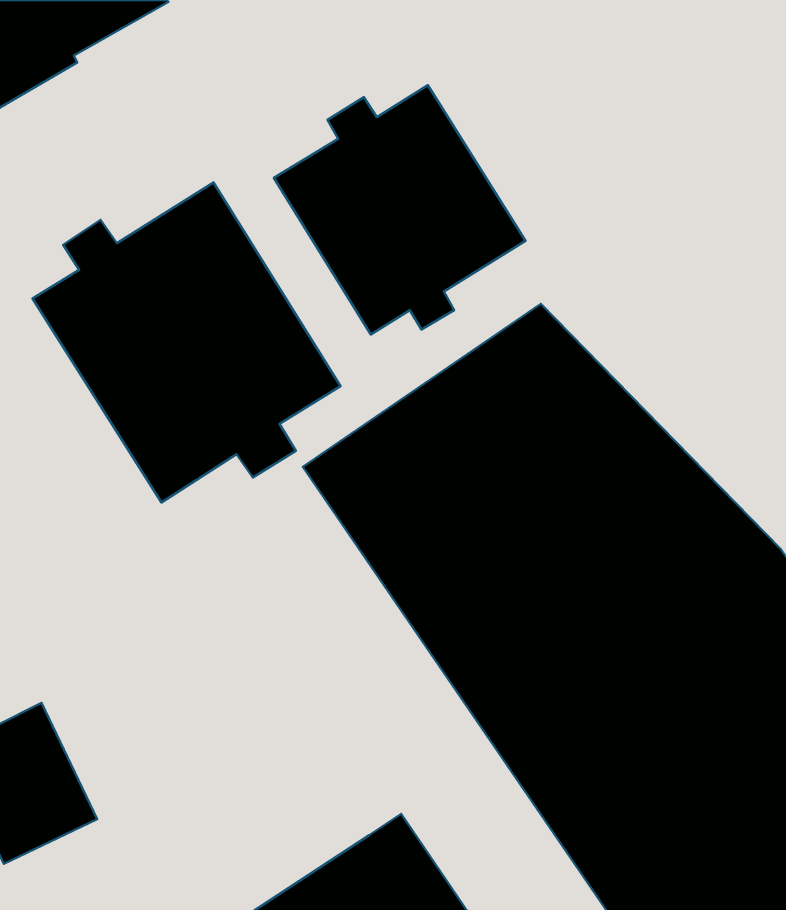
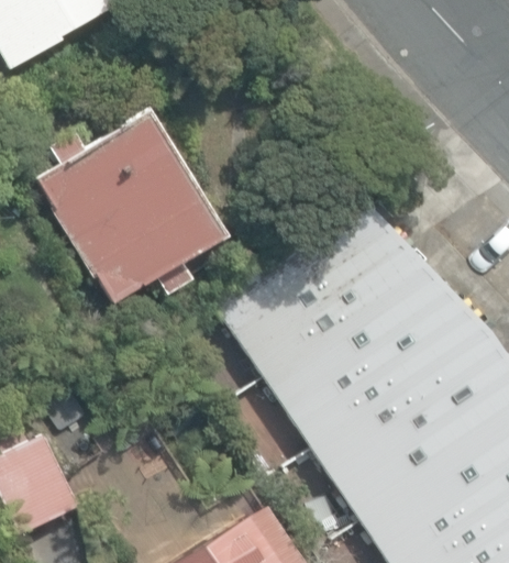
building: [274,85,525,335] -> none

